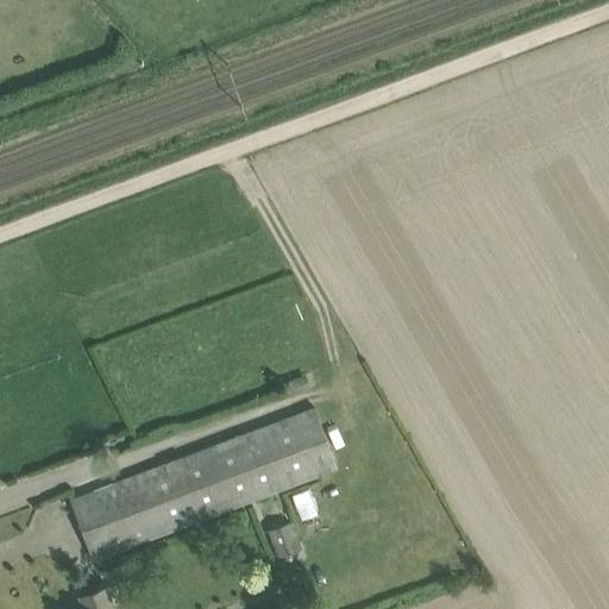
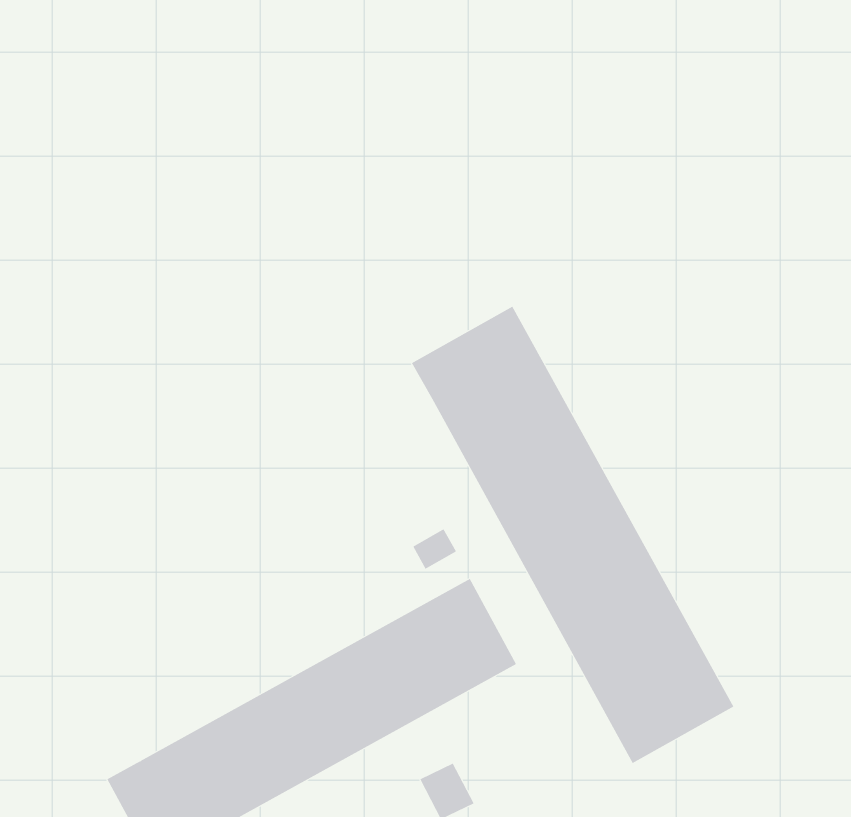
building: none -> [411,306,734,764]

